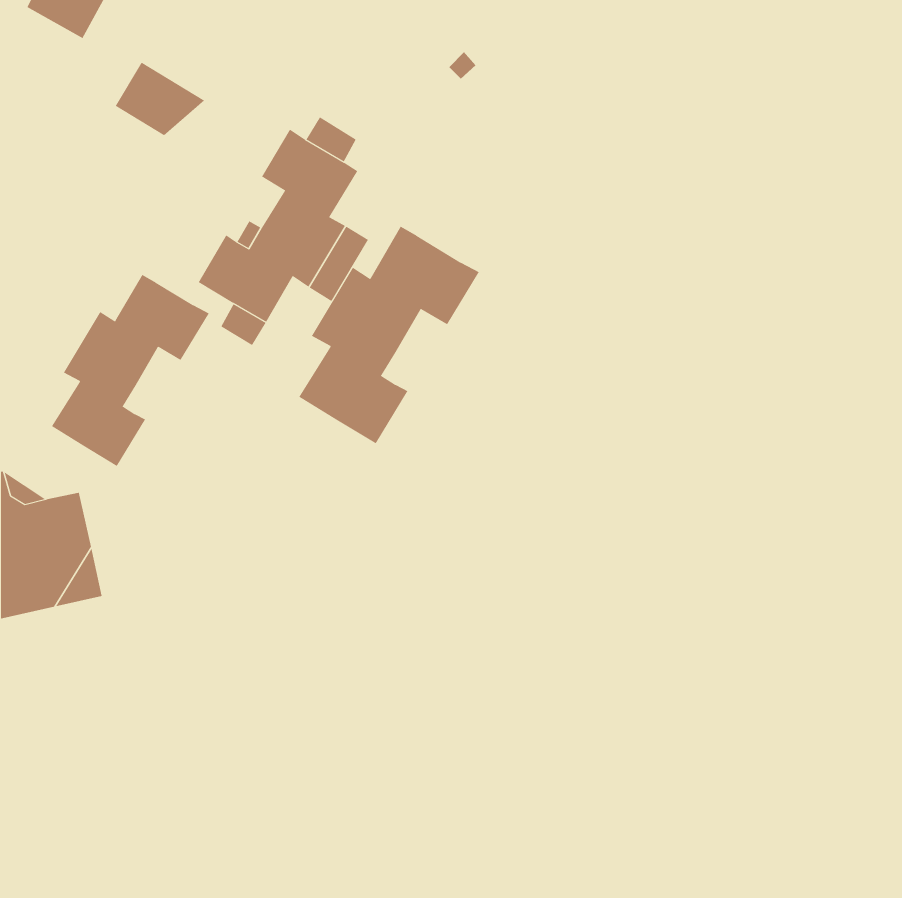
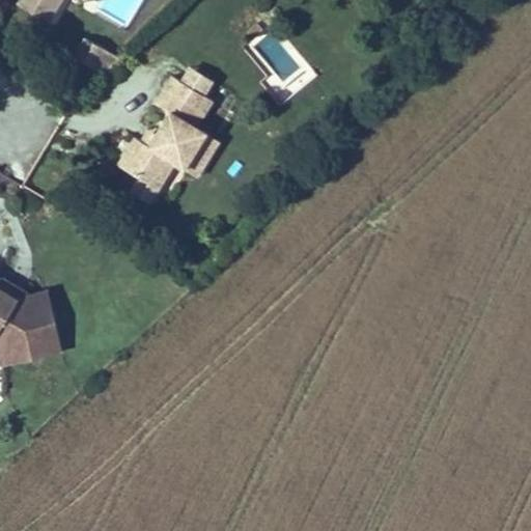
building: [299,226,480,444] -> none
building: [51,274,209,467] -> none

